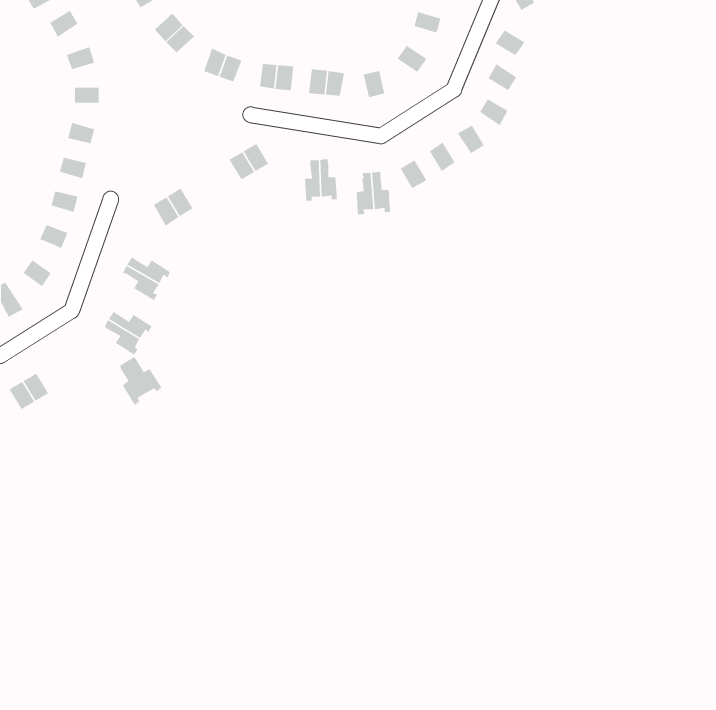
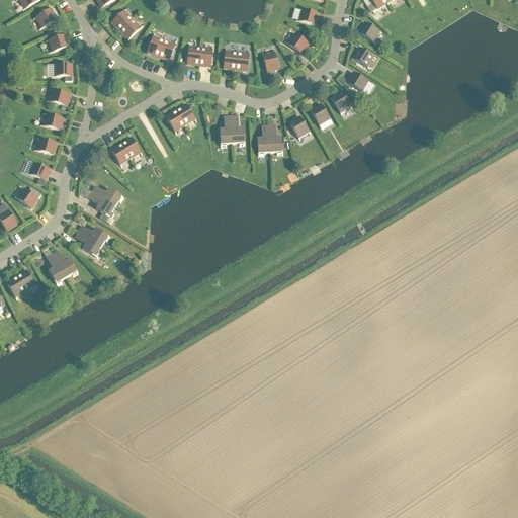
building: [119,356,163,406] -> [47,249,78,285]

